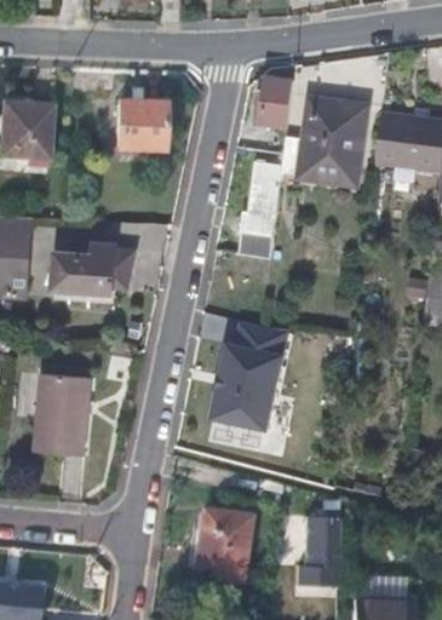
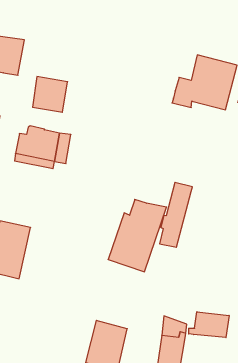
building: [259,79,293,127] -> none
building: [116,102,163,150] -> [33,77,68,112]
building: [241,163,281,259] -> [160,182,192,247]
building: none -> [189,312,229,338]

